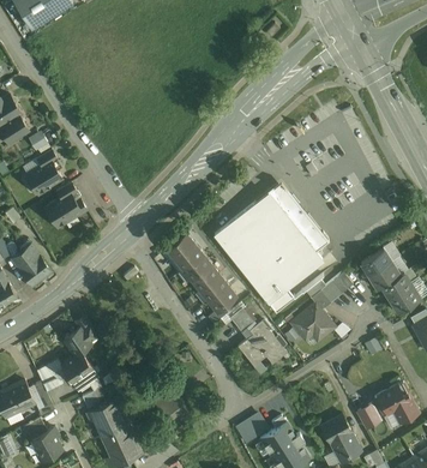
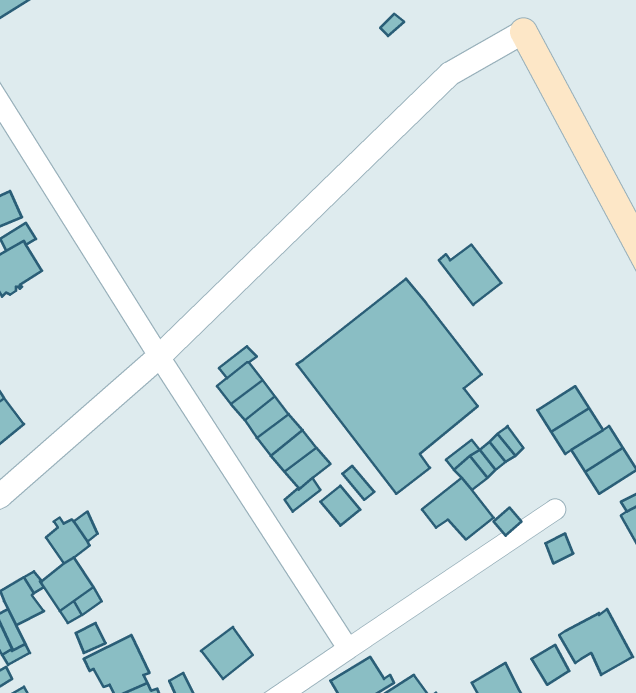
building: none -> [439,245,501,305]
building: [44,193,86,227] -> none
building: [237,320,287,365] -> none

